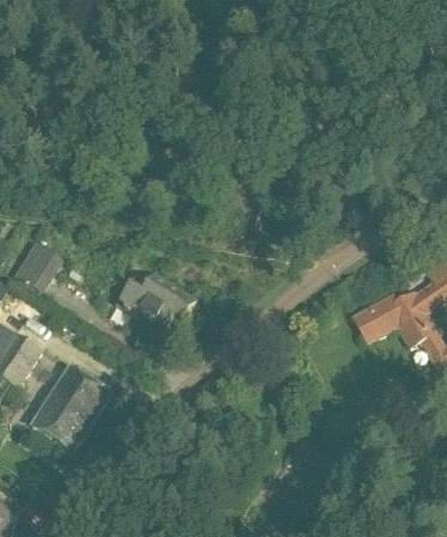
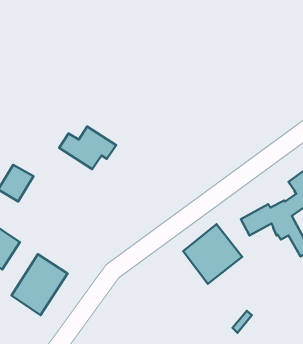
building: [114,273,194,332] -> [59,127,116,169]
building: none -> [183,224,242,284]

